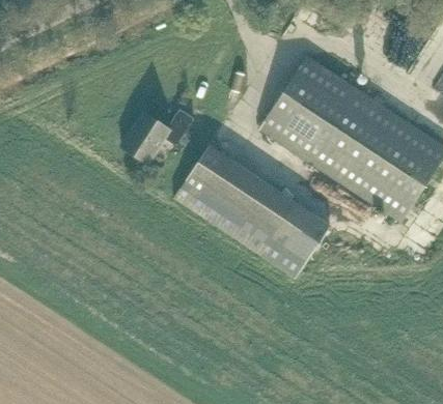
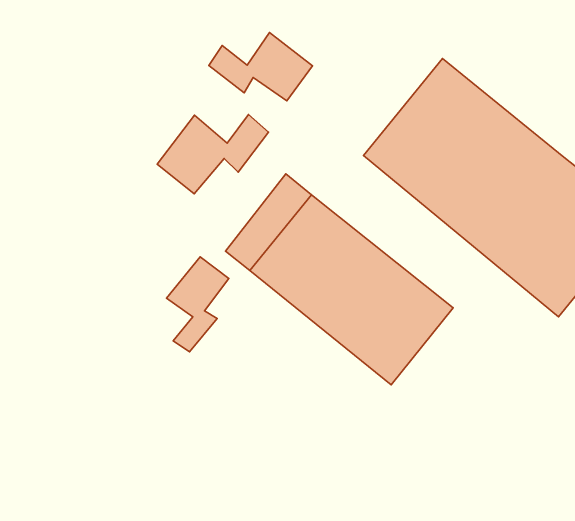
building: none -> [209,33,313,101]
building: none -> [167,257,229,352]

